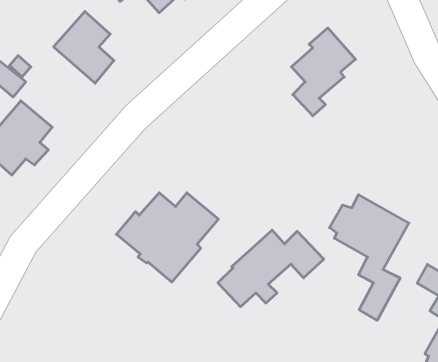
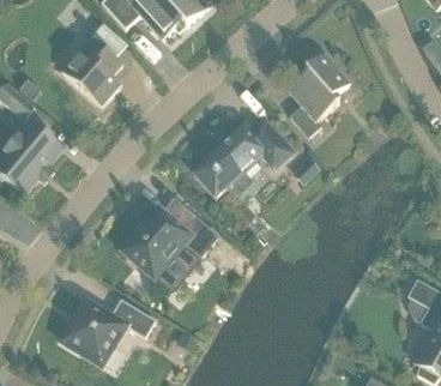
building: [329,195,409,320] -> none
building: [218,230,324,307] -> [192,121,292,194]
building: none -> [59,297,153,363]

